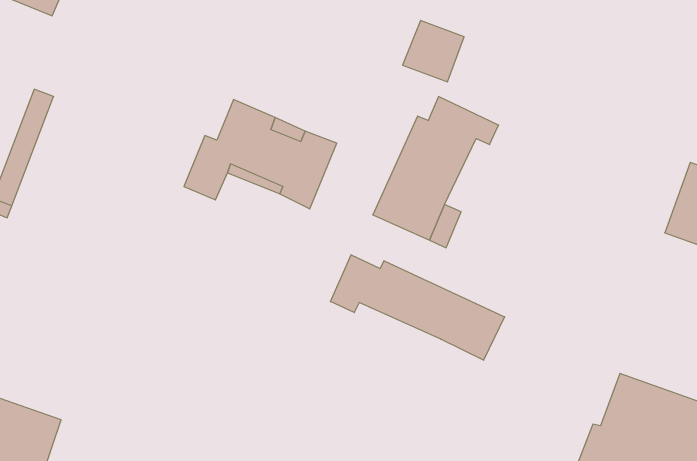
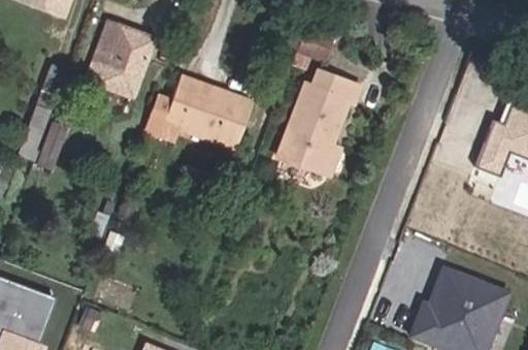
building: none -> [79,18,145,91]
building: none -> [30,113,65,161]
building: [330,255,505,360] -> none

